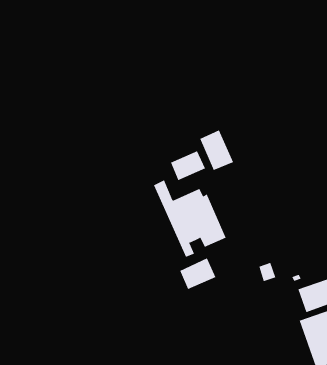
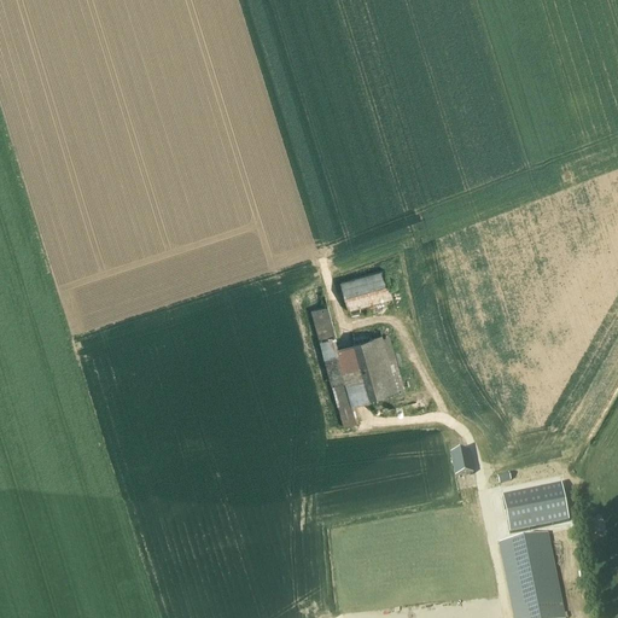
building: [200,129,234,171] -> none
building: [179,257,216,290] -> none

